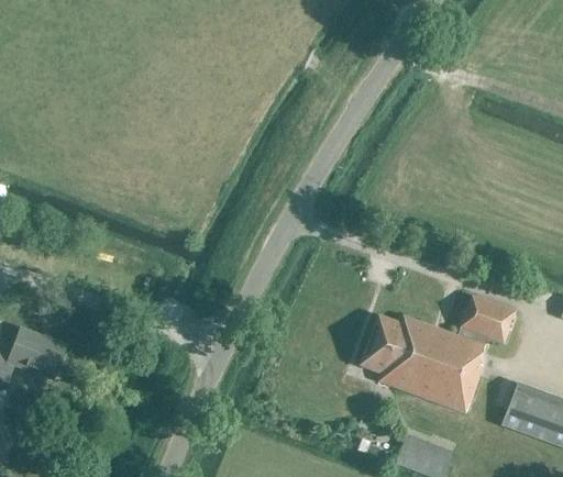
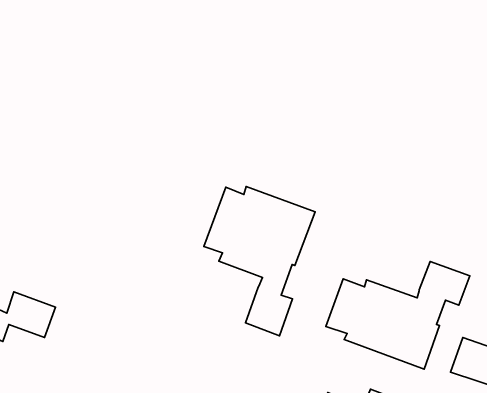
building: none -> [204,186,315,336]

